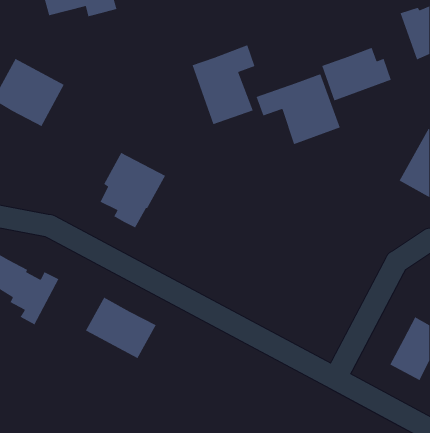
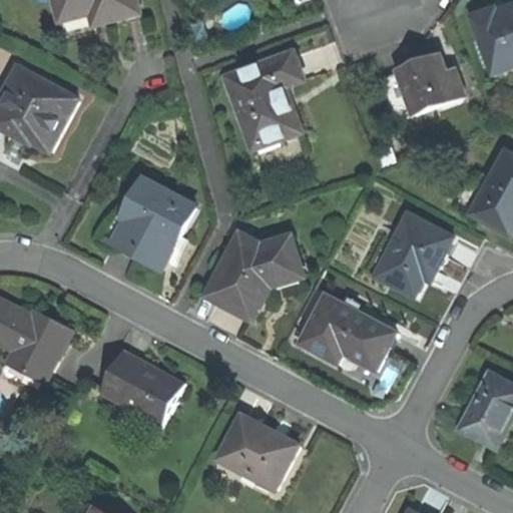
building: [256,73,341,145] -> none
building: none -> [379,212,452,295]
building: none -> [206,234,297,317]
building: none -> [299,295,395,370]
building: none -> [216,414,294,488]

